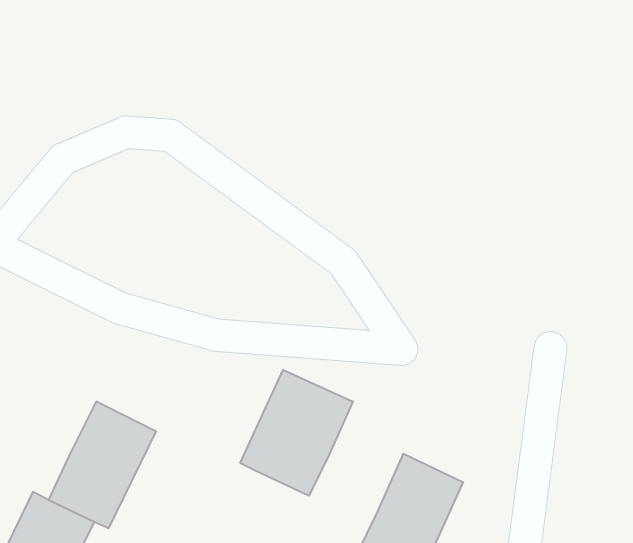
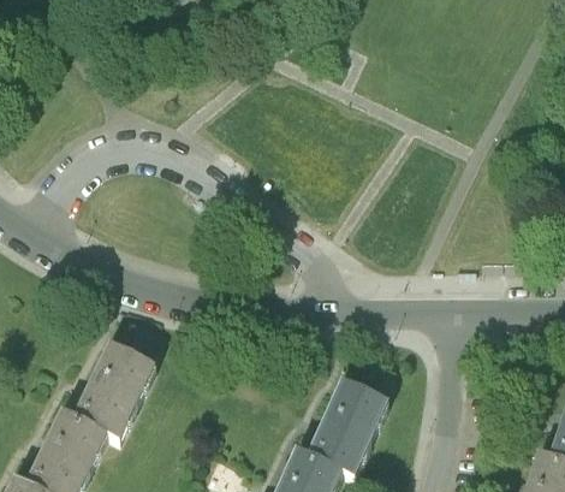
building: [240,370,353,496] -> none

